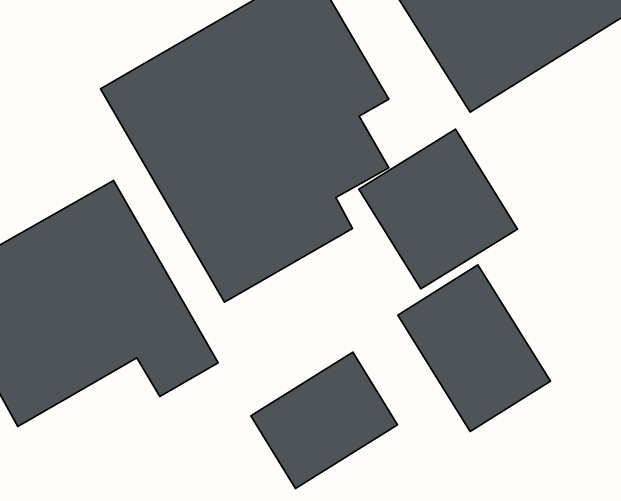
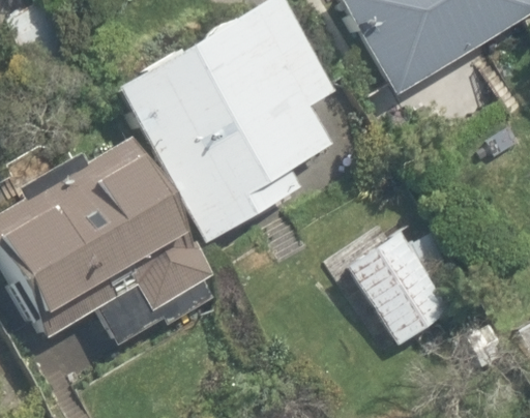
building: [359,129,518,289] -> none
building: [251,352,398,489] -> none

